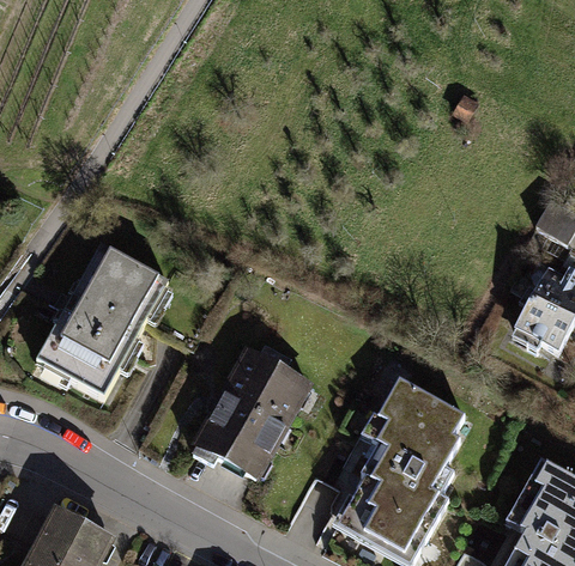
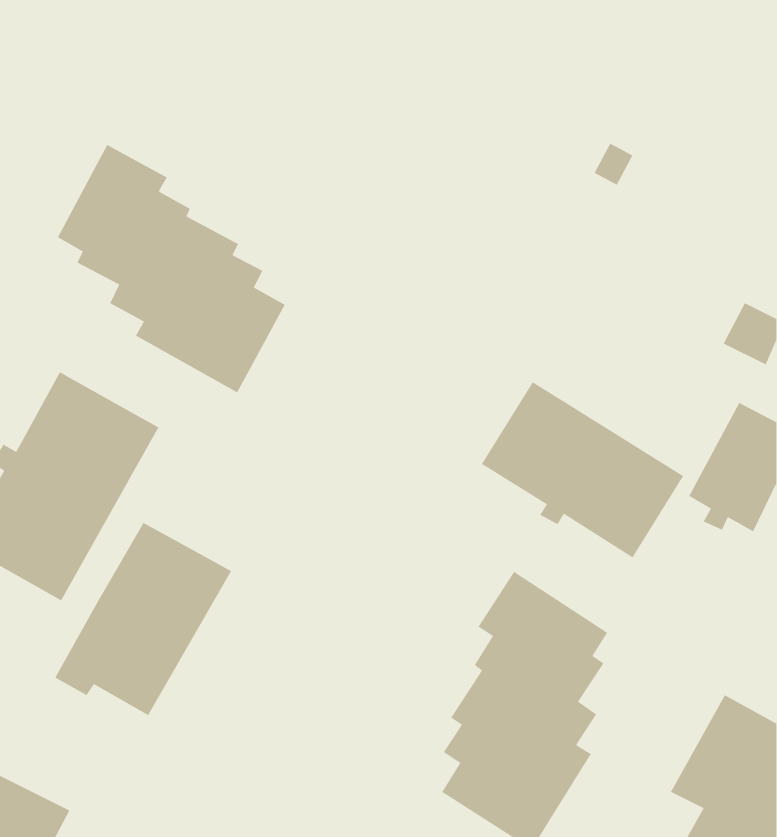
building: none -> [57,144,286,393]
building: none -> [481,381,684,559]
building: [192,349,309,477] -> [54,522,232,716]

